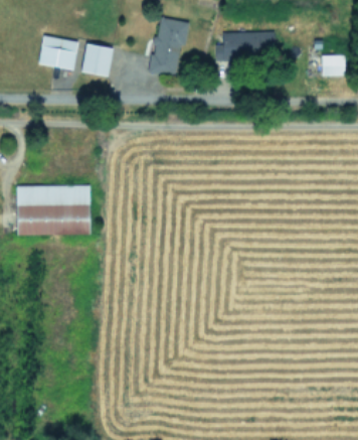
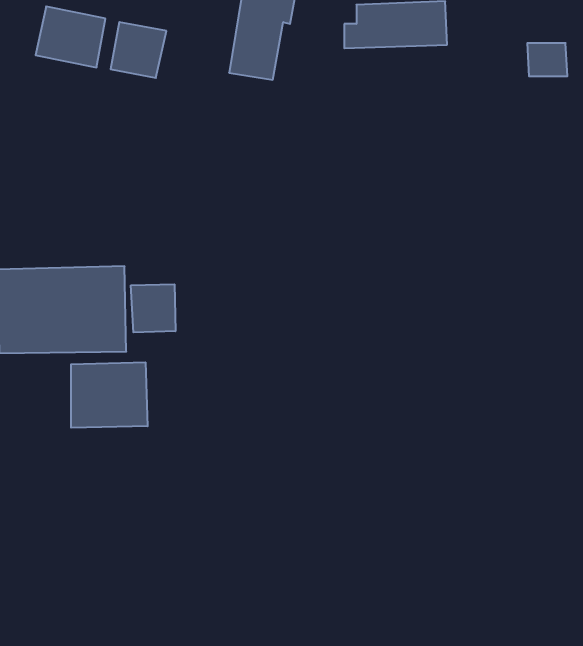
building: none -> [131,284,175,332]
building: none -> [71,362,148,428]

